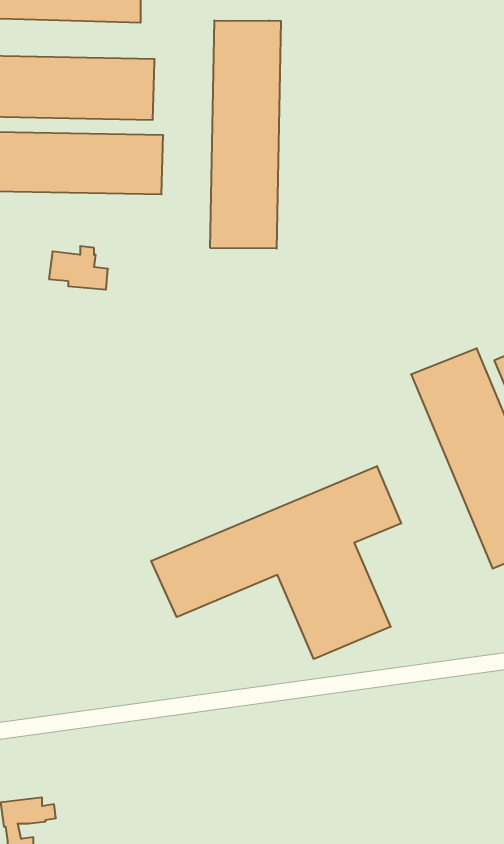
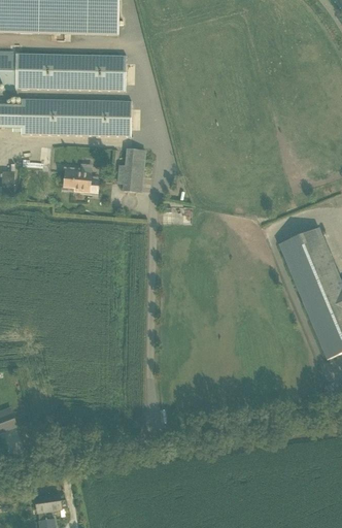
building: [210,20,281,249] -> none
building: none -> [115,147,144,191]
building: [151,466,401,659] -> none

